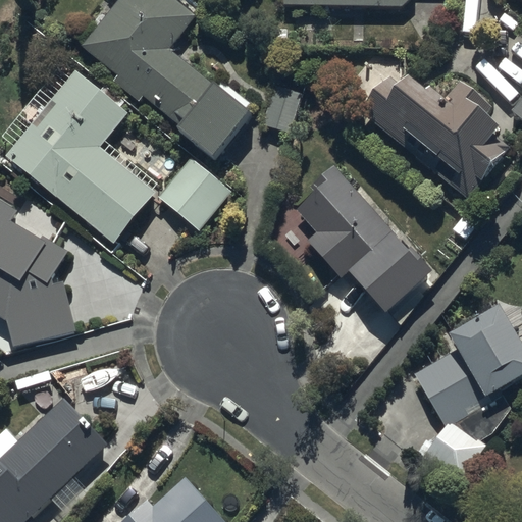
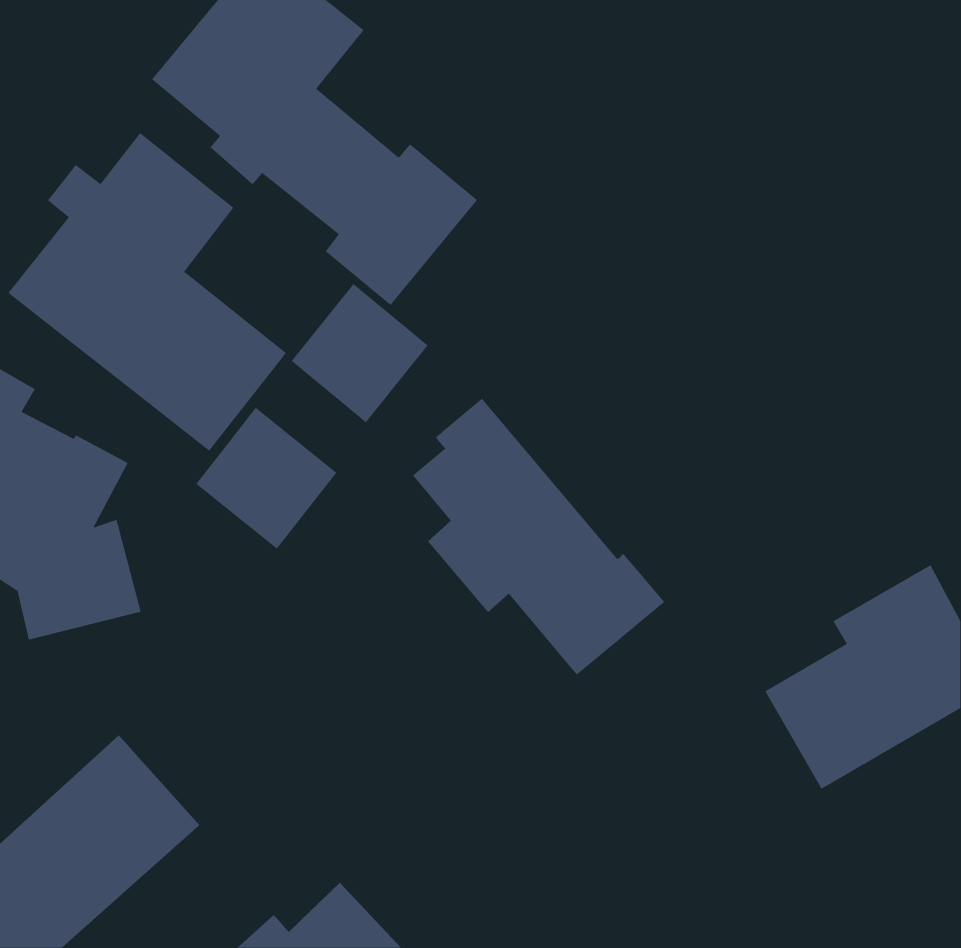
building: [357,72,512,199] -> none
building: [298,165,434,315] -> [412,398,665,676]
building: none -> [195,407,337,550]

